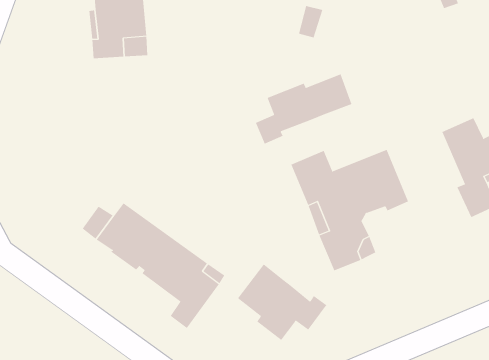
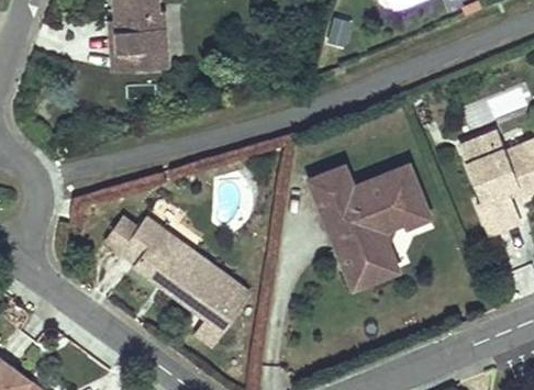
building: [255,73,352,144] -> none
building: [237,264,327,341] -> none

